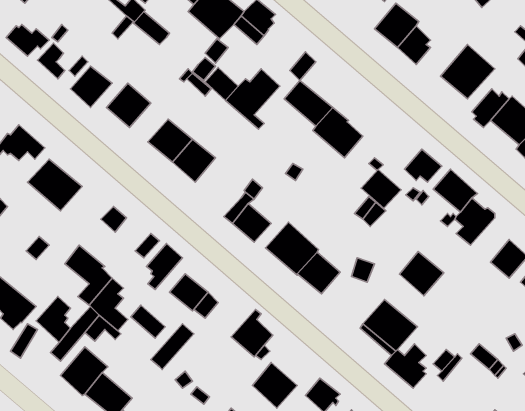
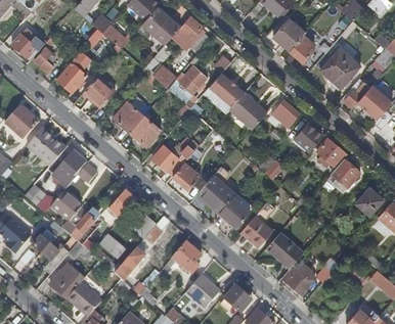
building: [361,170,401,208] -> [270,99,299,127]
building: none -> [150,144,178,171]
building: none -> [51,151,85,186]
building: [399,251,444,296] -> [240,215,272,246]

